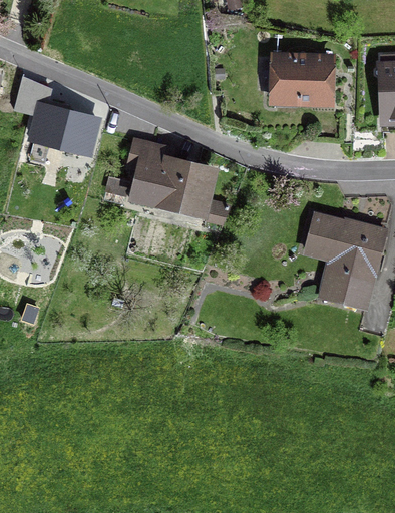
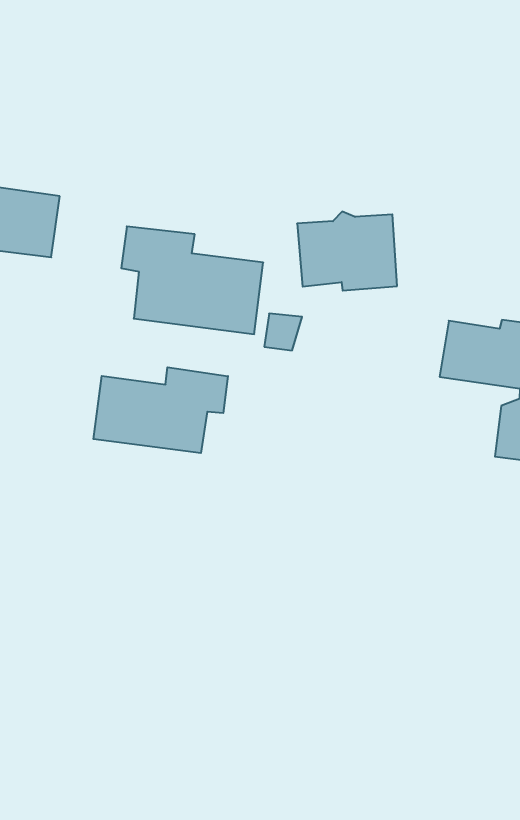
building: [274,54,331,101] -> [297,212,397,291]
building: none -> [93,367,228,453]

